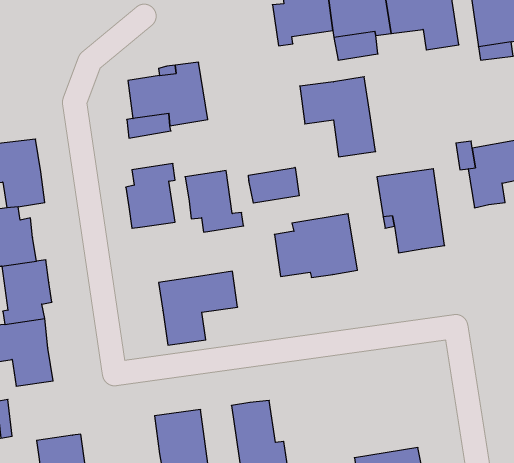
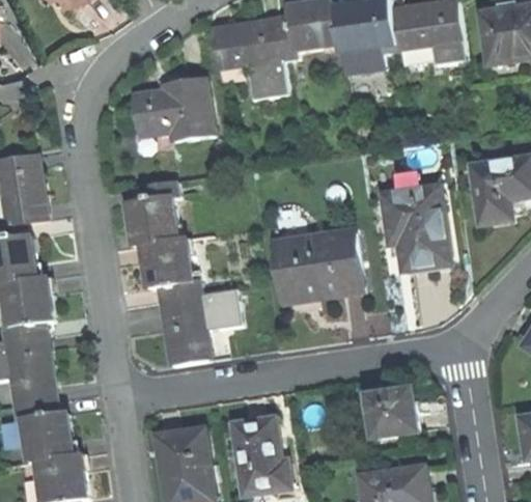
building: [300,77,376,157] -> [211,19,287,100]
building: [249,167,299,203] -> none
building: [185,171,244,232] -> [142,238,201,300]
building: none -> [369,390,418,436]
building: none -> [13,399,74,462]

